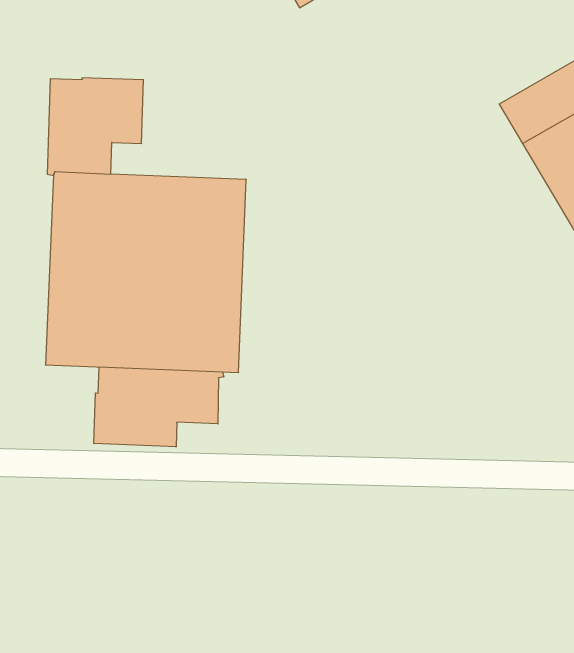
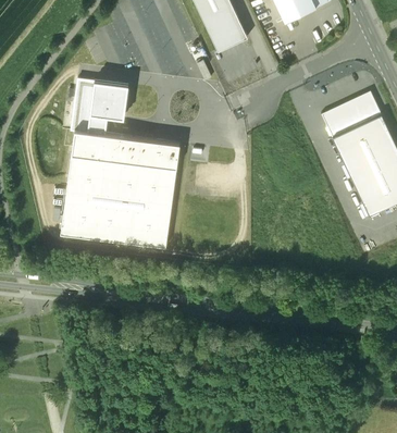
building: [94,367,224,447] -> none

